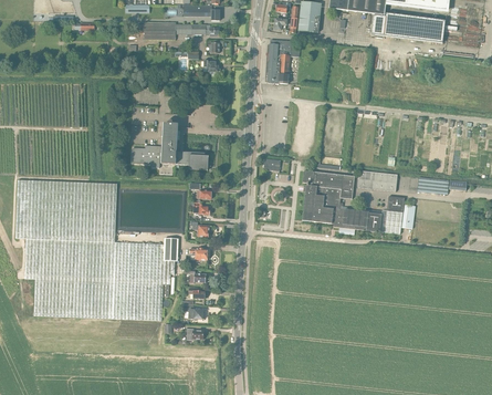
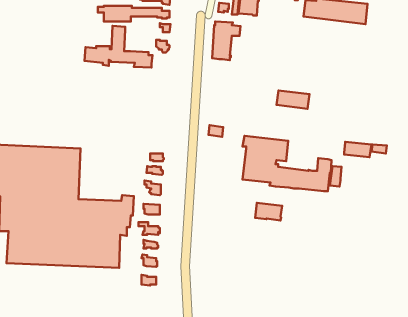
building: [132,122,209,169] -> [84,26,152,68]
building: [357,169,395,190] -> [277,90,310,109]
building: none -> [255,203,282,220]

